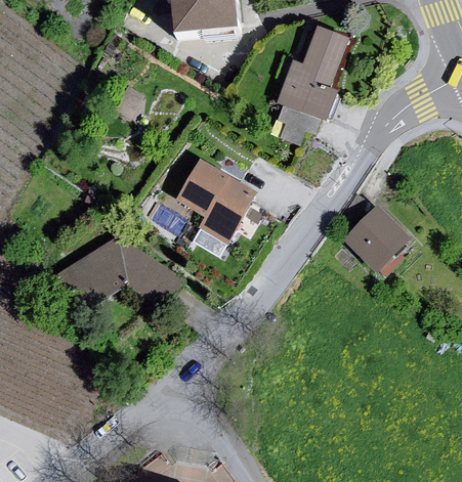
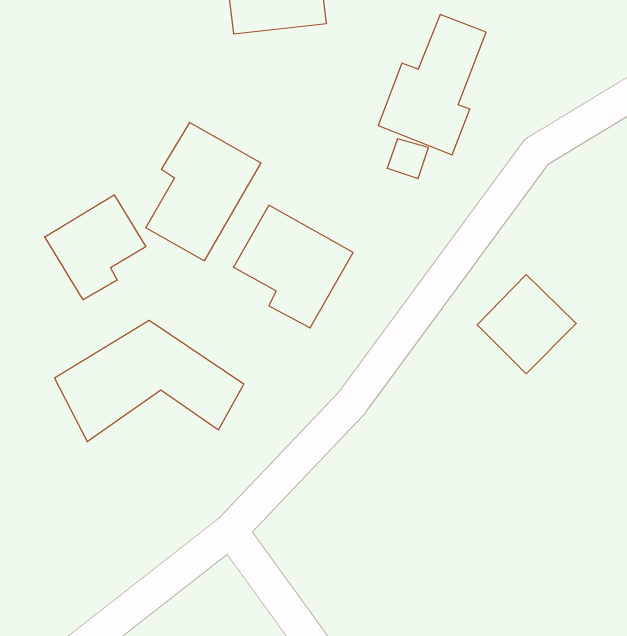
building: none -> [146,122,261,261]
building: none -> [45,195,146,300]

